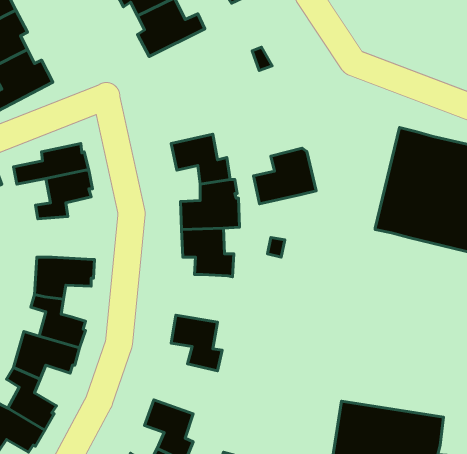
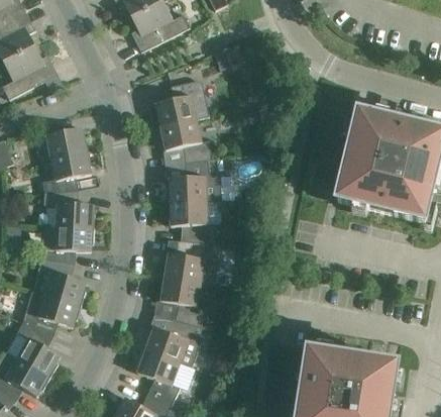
building: [254,148,316,204] -> [154,78,209,126]
building: none -> [43,190,94,227]
building: none -> [163,240,218,284]
building: none -> [144,318,204,367]

